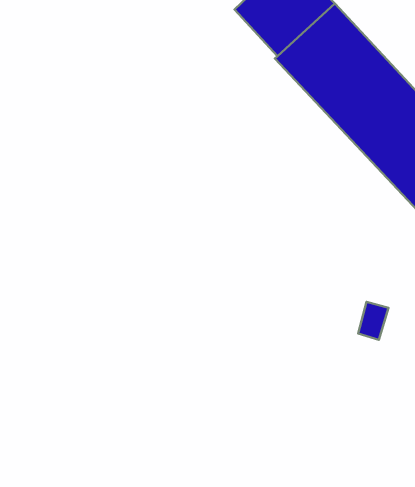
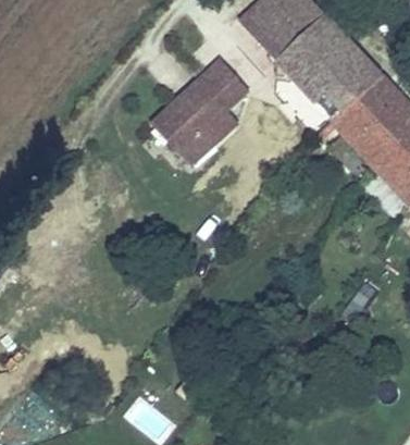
building: none -> [150,57,261,169]

